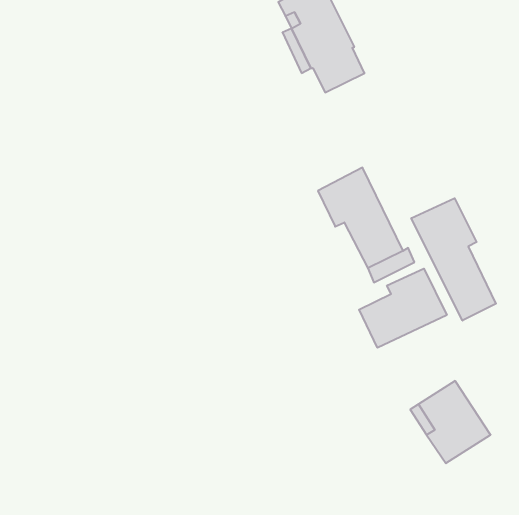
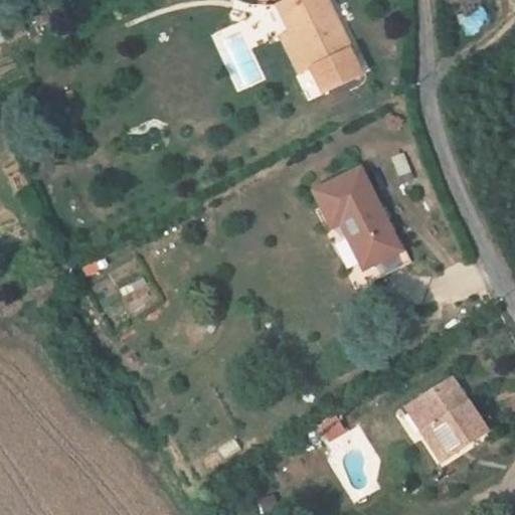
building: [411,198,496,321] -> none
building: [359,269,447,348] -> none

